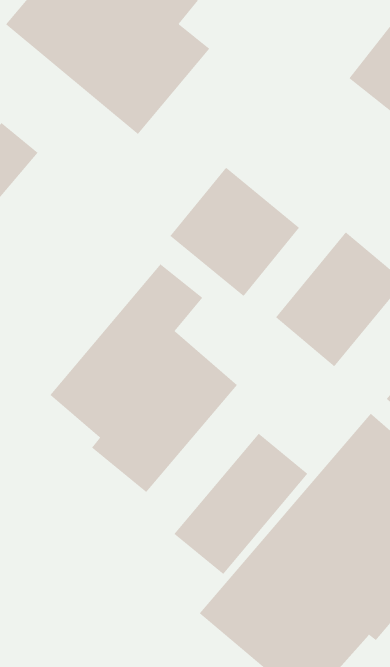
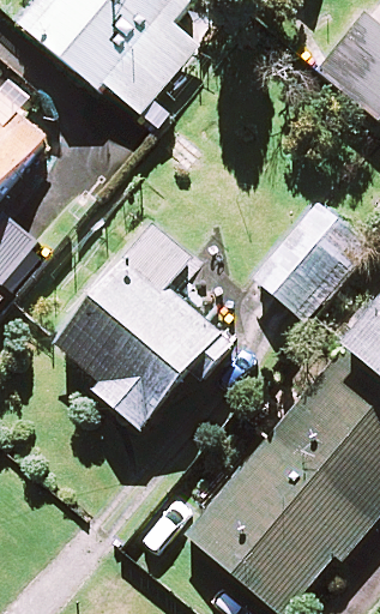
building: [170,167,300,297] -> none
building: [174,433,308,575] -> none

